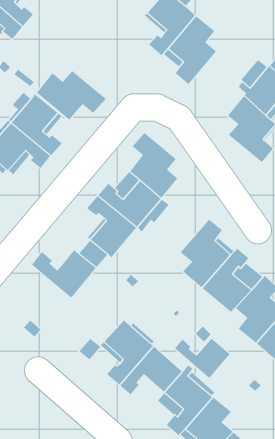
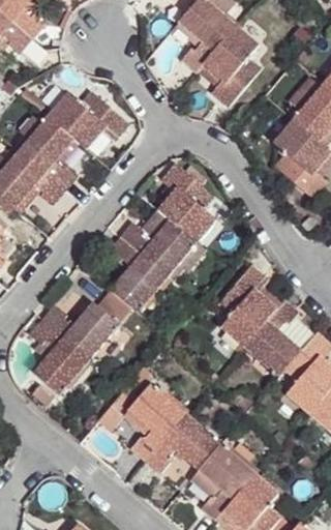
building: none -> [29,319,89,394]
building: [174,338,230,379] -> none

